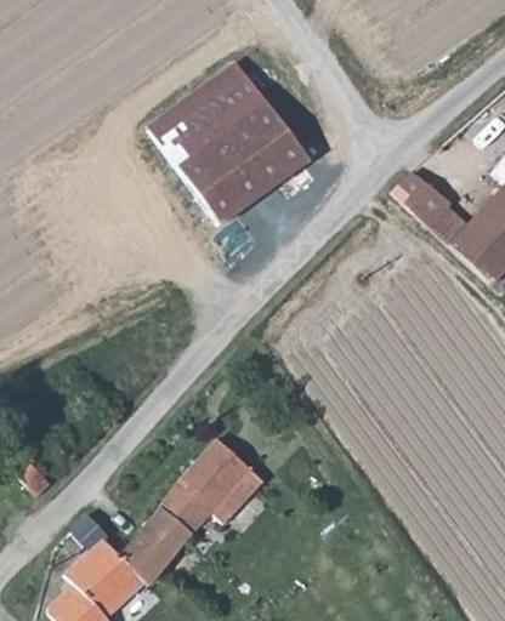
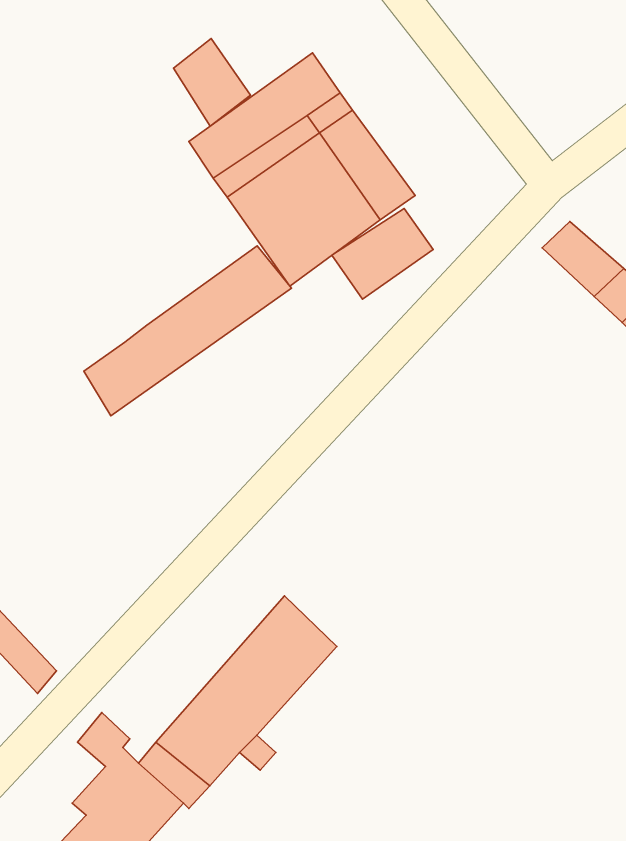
building: none -> [173,39,251,126]
building: none -> [332,208,433,299]
building: none -> [84,246,292,416]

